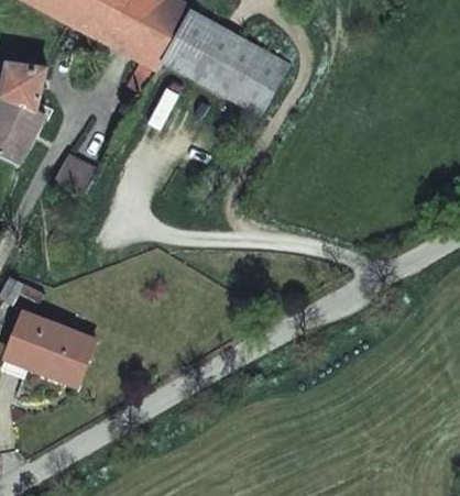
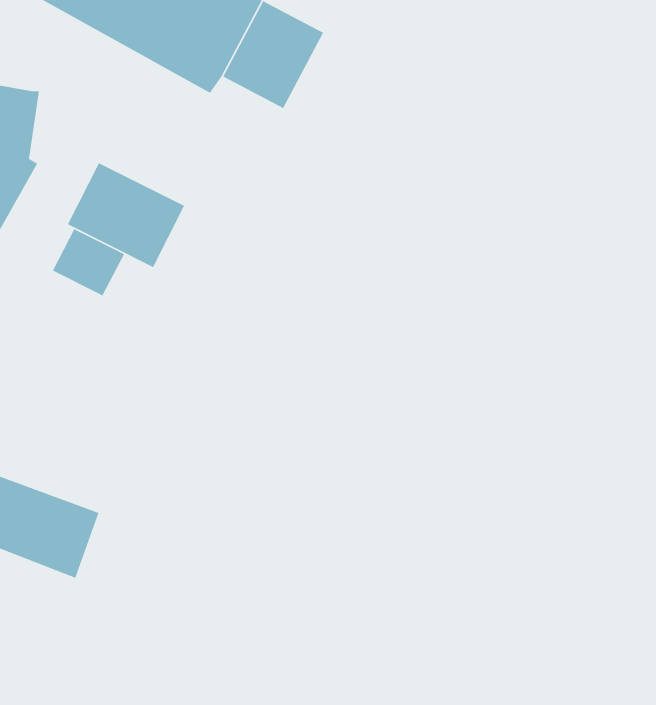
building: [204,30,291,112] -> none
building: none -> [67,162,185,268]

